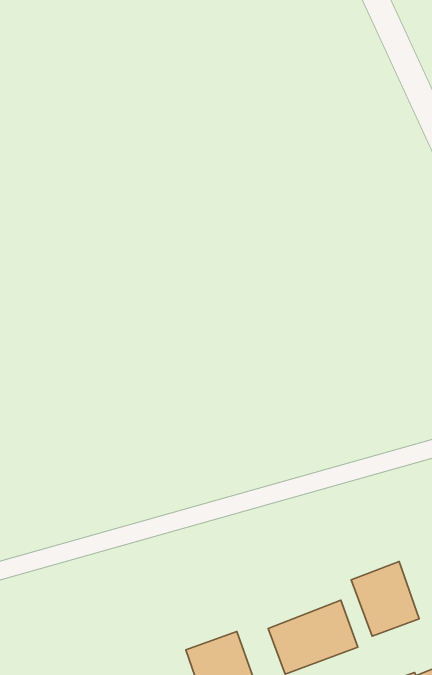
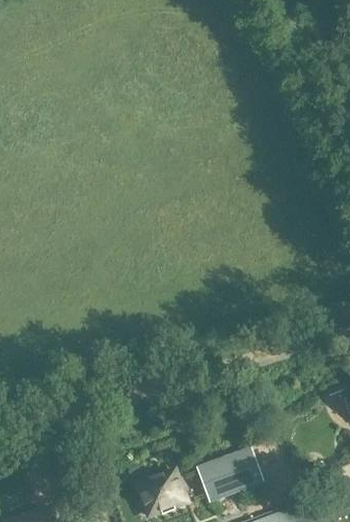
building: [351,562,419,636] -> none

